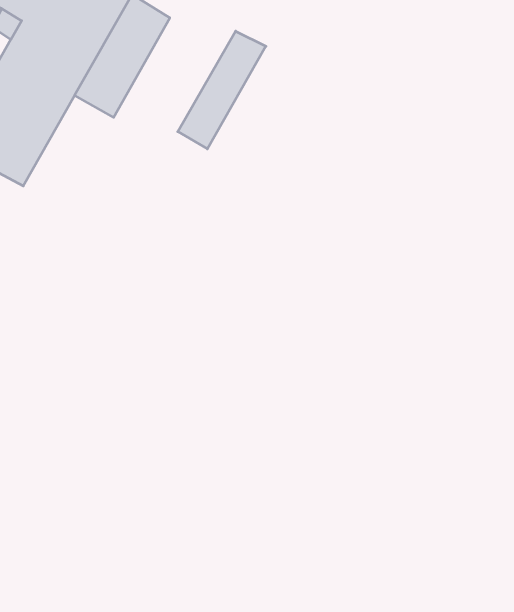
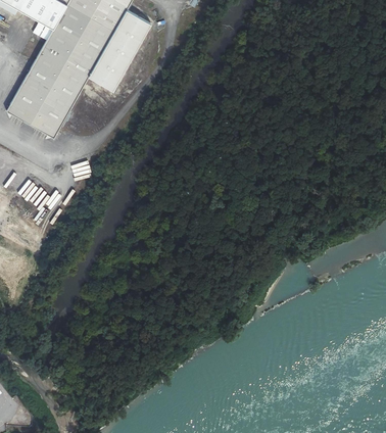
building: [178,31,266,149] -> none

